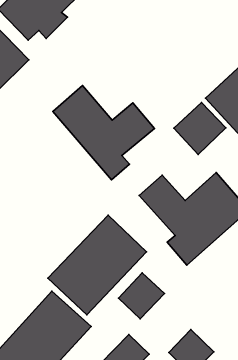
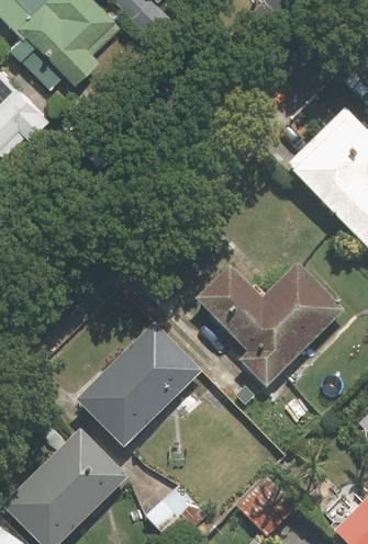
building: [53,86,155,180] -> none
building: [174,103,226,154] -> none
building: [119,273,164,319] -> none

